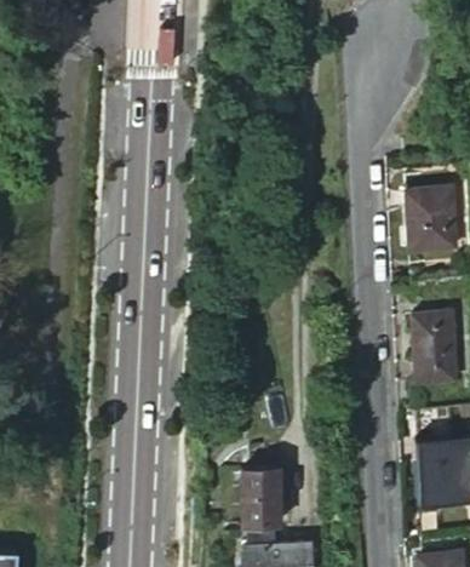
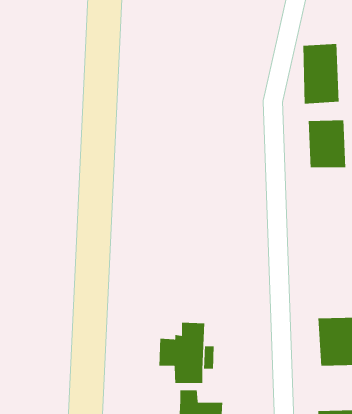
building: none -> [302,43,340,104]
building: [414,316,457,384] -> none

